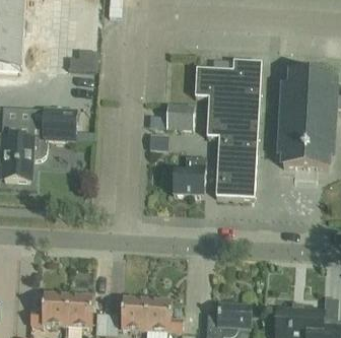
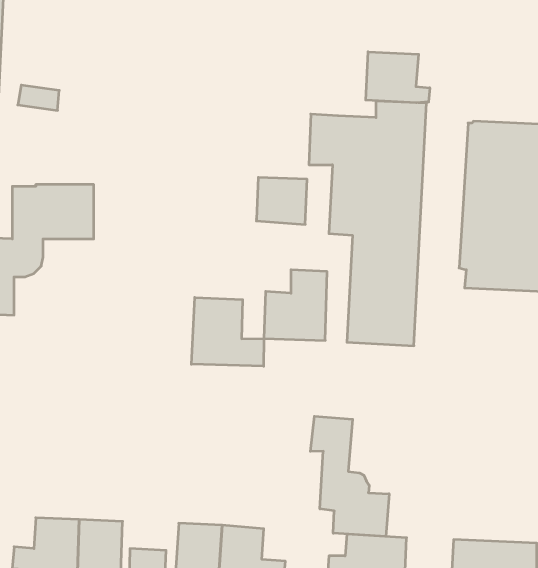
building: none -> [366,52,430,103]
building: none -> [191,297,264,366]
building: none -> [310,416,389,536]

